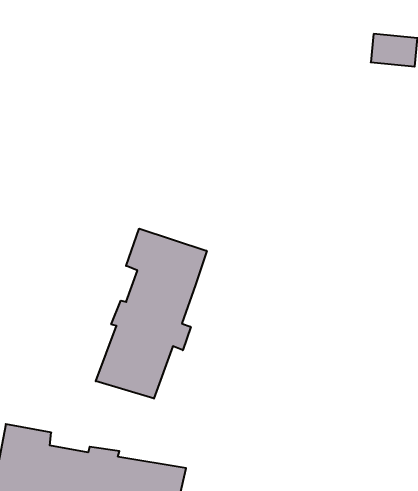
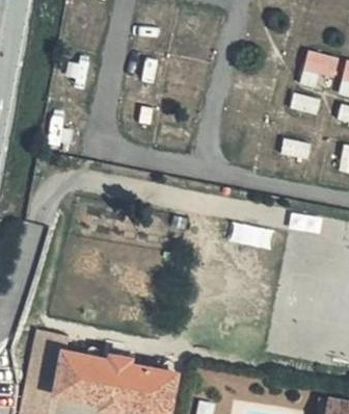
building: [96,229,207,399] -> none

